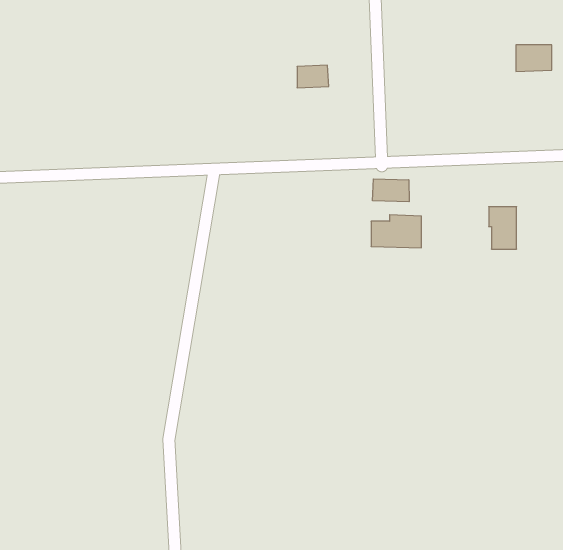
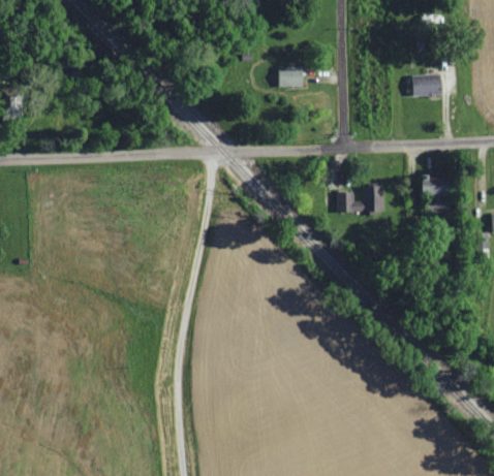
building: [516,45,552,71] -> [414,74,442,95]
building: [373,179,409,202] -> none

